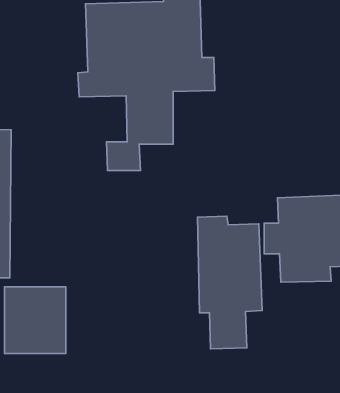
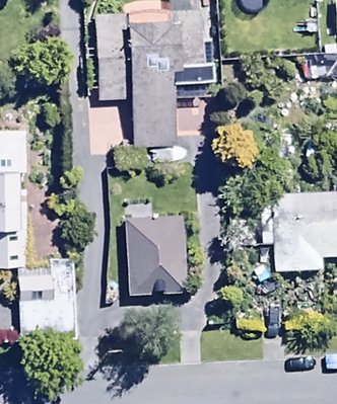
building: [197,216,262,349] -> [125,207,185,329]

